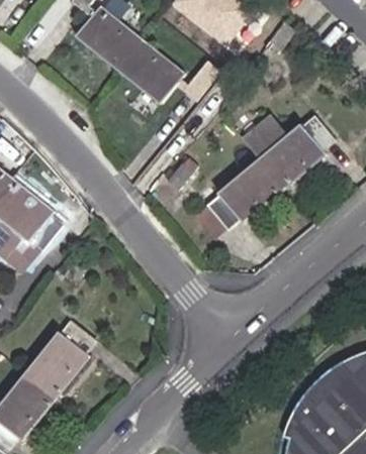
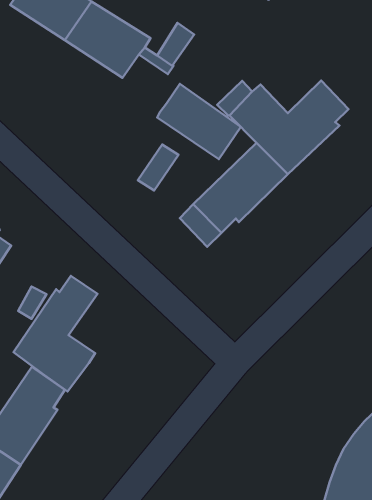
building: none -> [157,84,241,159]
building: none -> [13,276,97,392]

